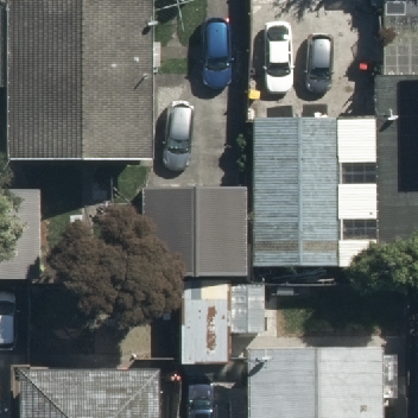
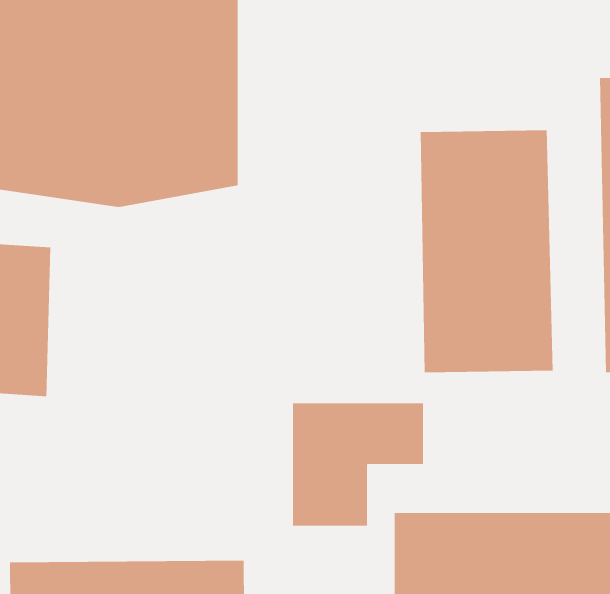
building: [147,184,249,273] -> none

